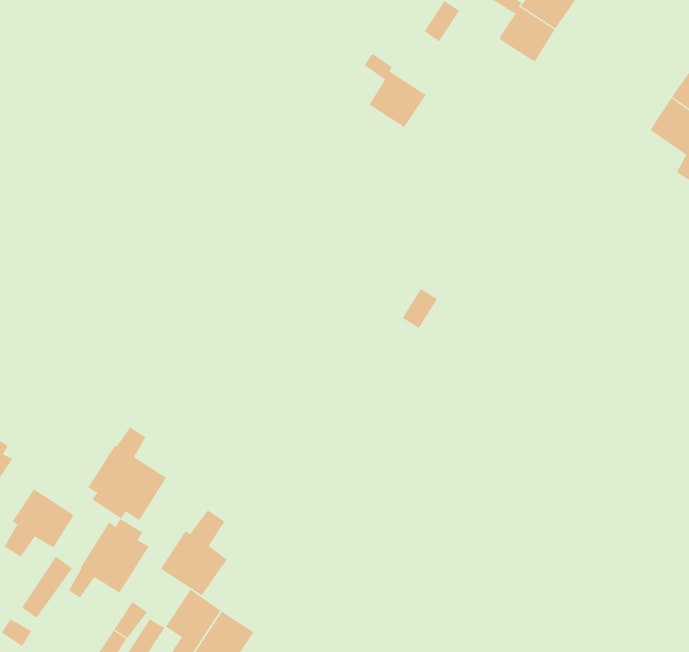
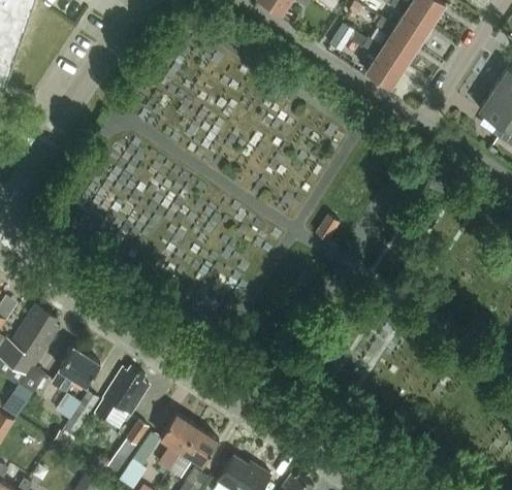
building: [364,53,427,128] -> [362,38,404,88]
building: [88,427,167,521] -> none
building: [160,510,227,596] -> none

